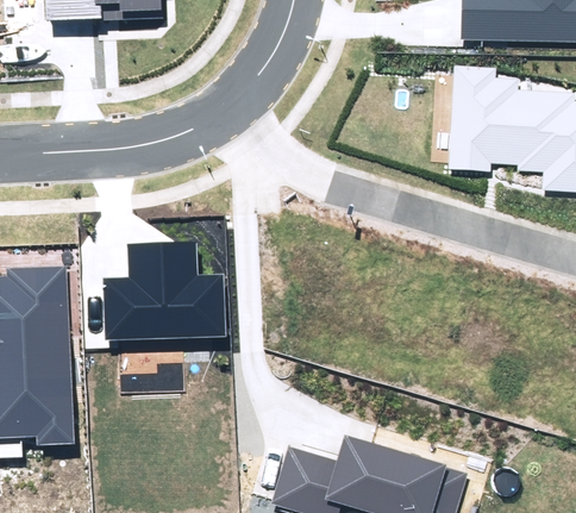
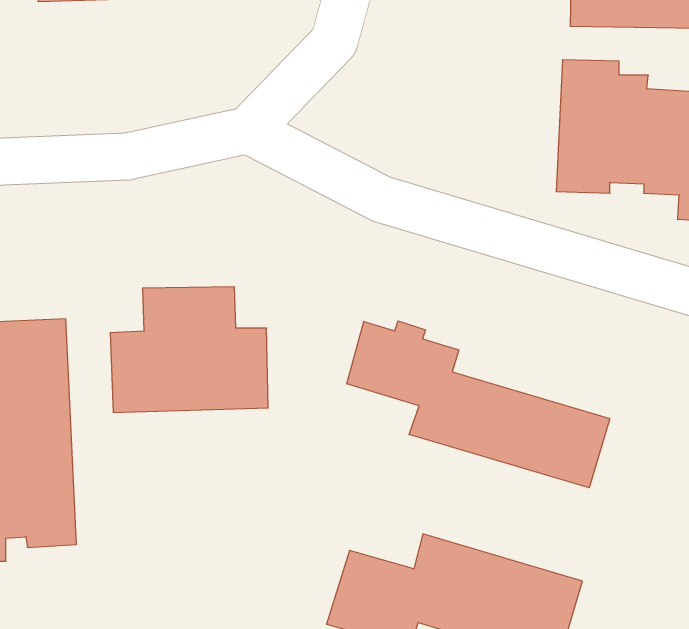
building: none -> [347,321,610,488]

